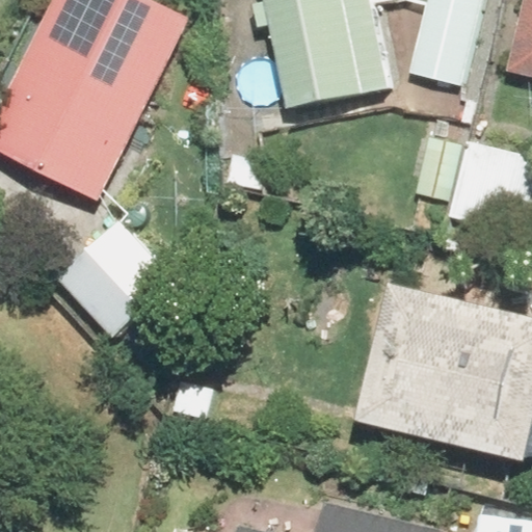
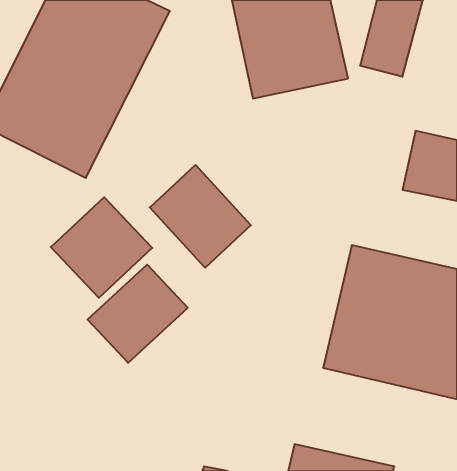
building: none -> [150,165,251,268]
building: none -> [88,265,188,363]

